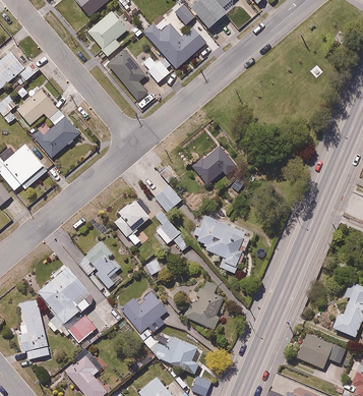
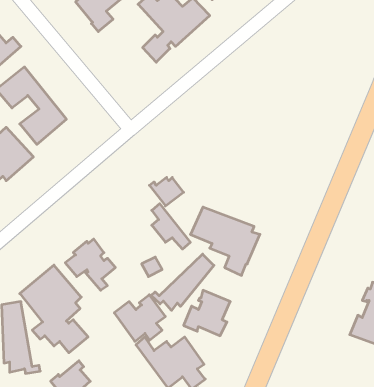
building: [108,49,150,100] -> none
building: [191,142,238,184] -> none
building: [114,199,150,245] -> none
building: none -> [151,254,214,310]
building: [296,332,346,367] -> none

